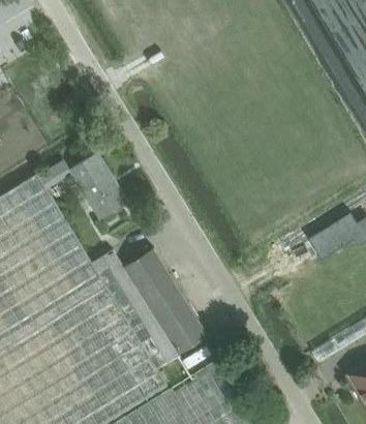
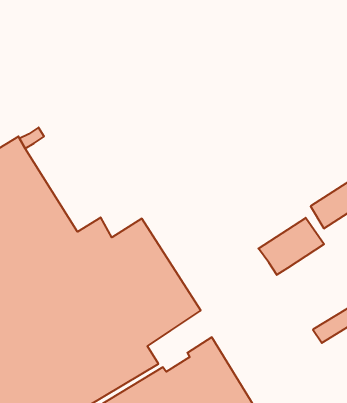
building: [69,153,127,224] -> none
building: none -> [258,218,324,275]

